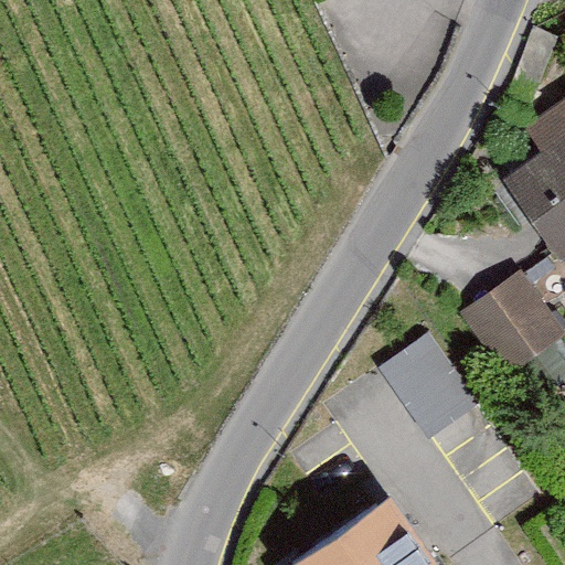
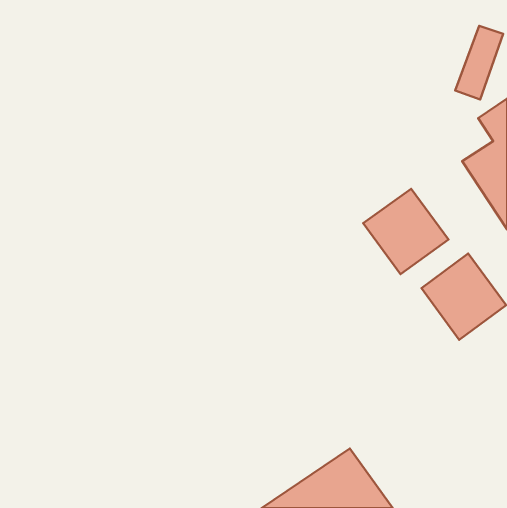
building: none -> [363,189,448,274]
building: [381,335,480,441] -> none

